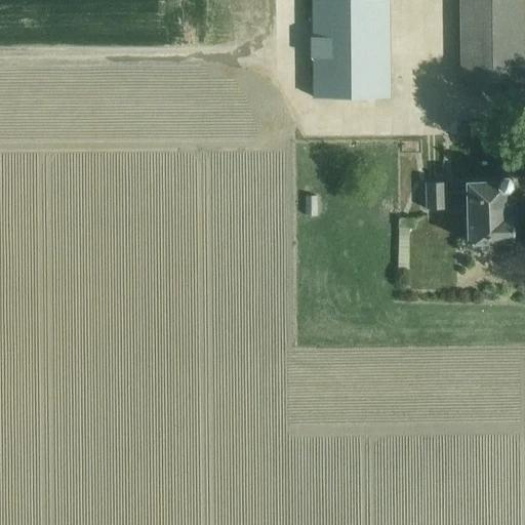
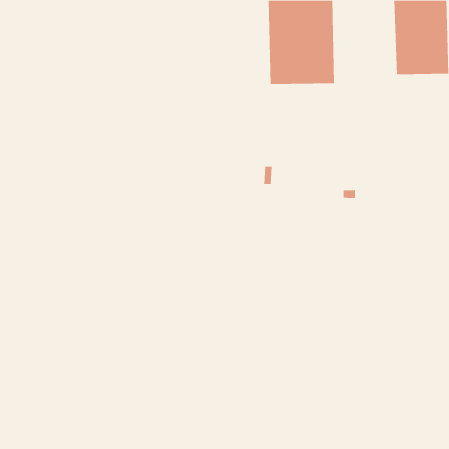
building: [425,175,514,241] -> none

